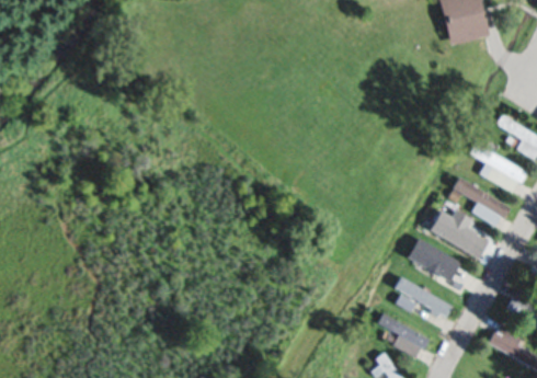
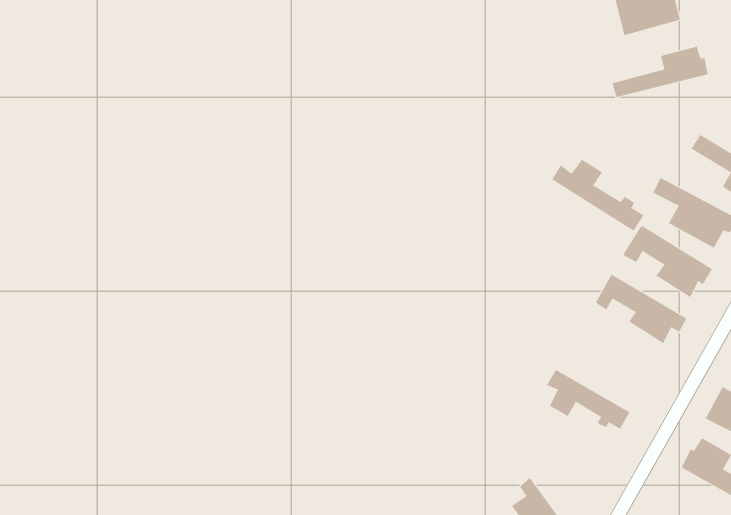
building: none -> [612,46,708,98]
building: none -> [552,159,644,231]
building: [403,239,457,283] -> none
building: [377,312,431,358] -> none

